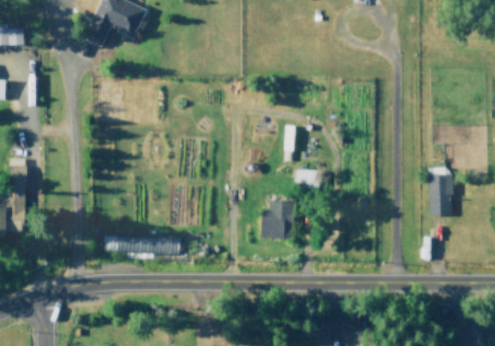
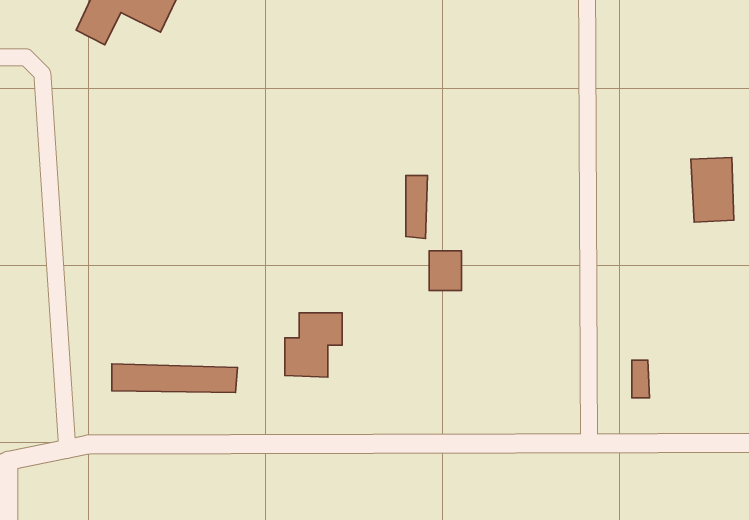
building: [425,176,451,215] -> [691,157,734,222]
building: [259,200,294,239] -> [285,313,342,377]

